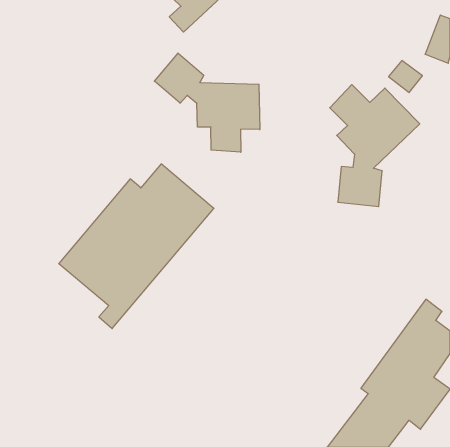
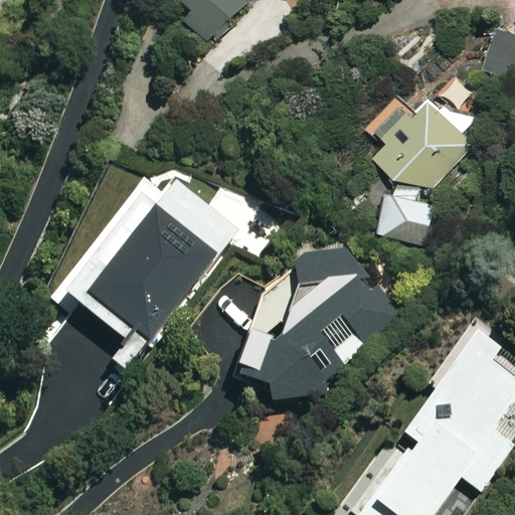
building: [154,53,260,152] -> none
building: none -> [242,247,395,403]

